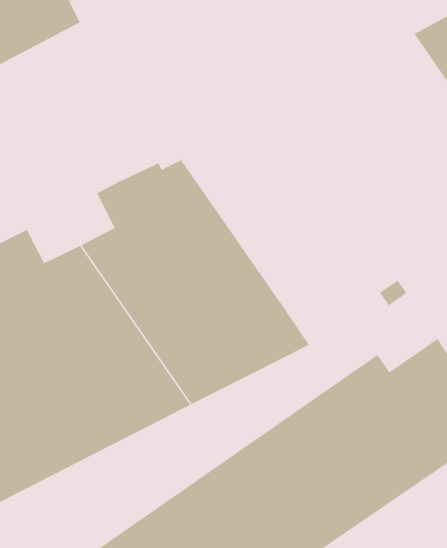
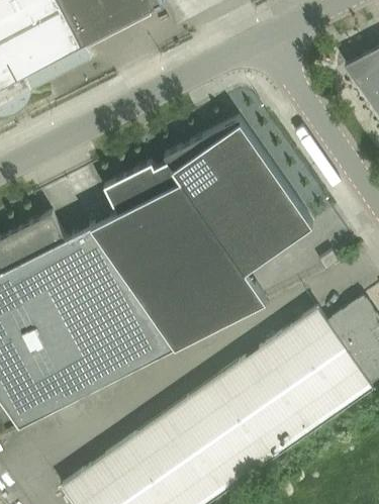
building: none -> [165,121,311,273]

